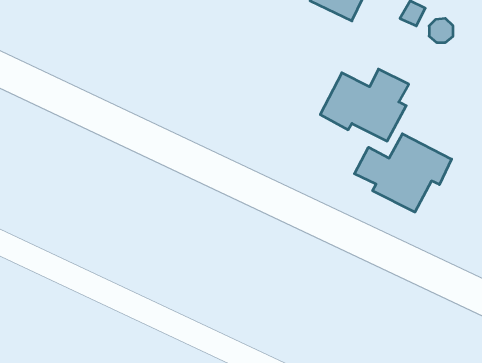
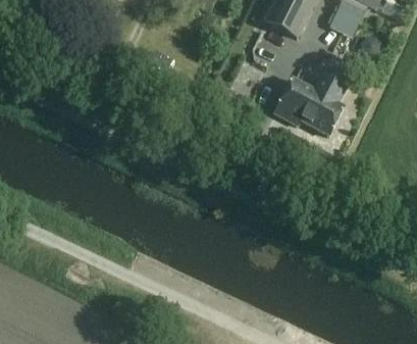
building: [354,134,452,212] -> none

